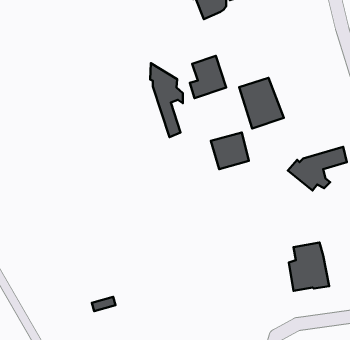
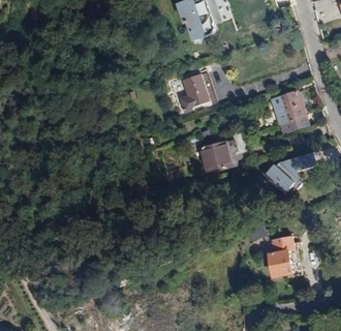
building: [150,63,183,137] -> none
building: [239,78,284,129] -> [271,89,310,133]

